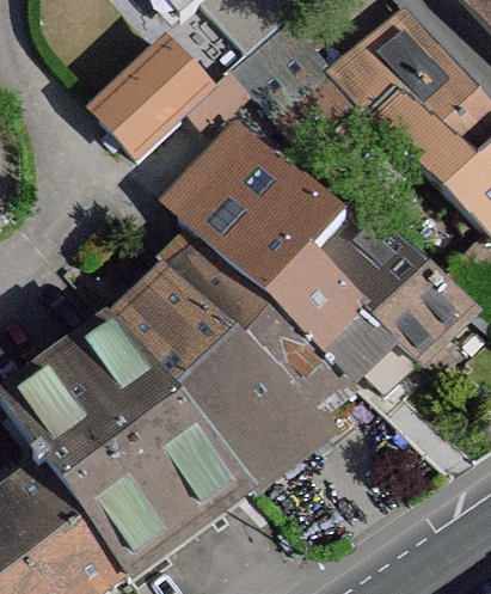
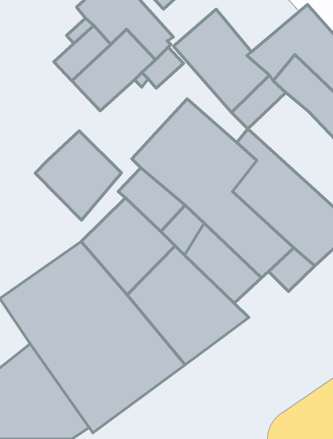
building: none -> [35,131,122,220]

